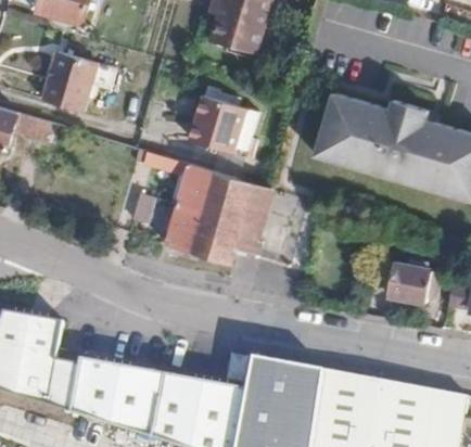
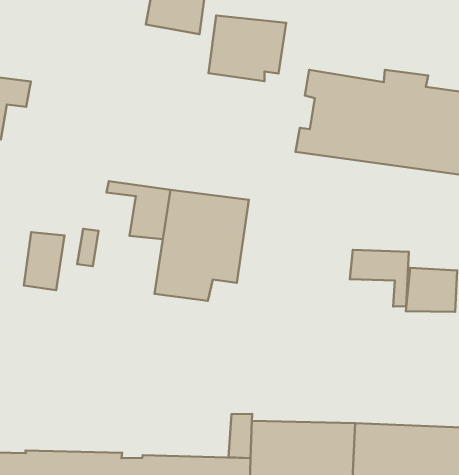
building: [191,94,258,152] -> [208,16,286,81]
building: [164,202,202,251] -> [24,232,65,290]
building: none -> [350,250,409,306]

